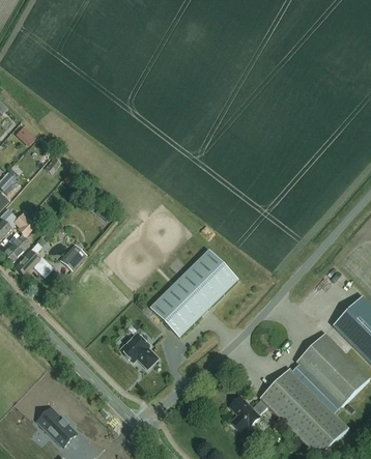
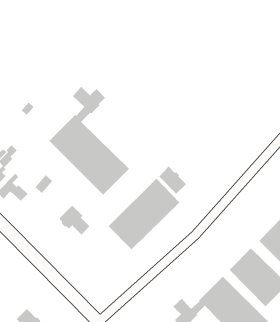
building: none -> [48,86,130,196]
building: none -> [158,166,187,194]
building: [120,331,159,368] -> [59,205,90,236]

